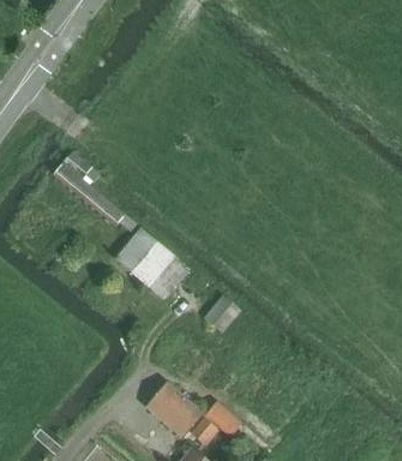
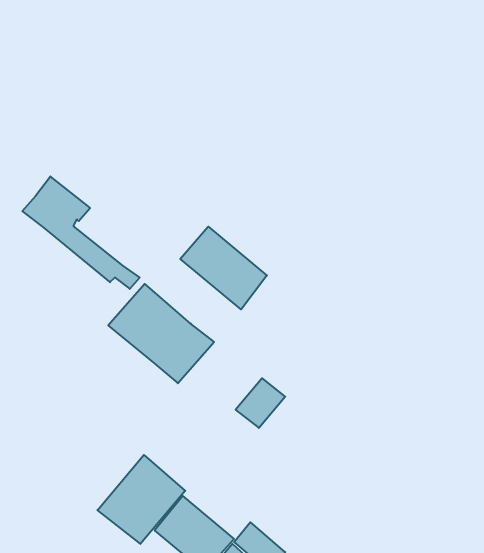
building: none -> [180,227,267,309]
building: none -> [97,455,185,544]

